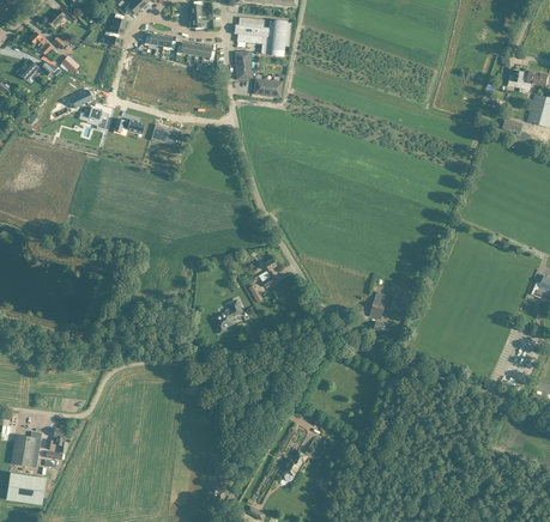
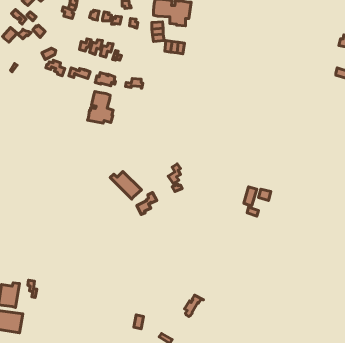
building: none -> [88,92,113,123]
building: none -> [110,171,142,199]

